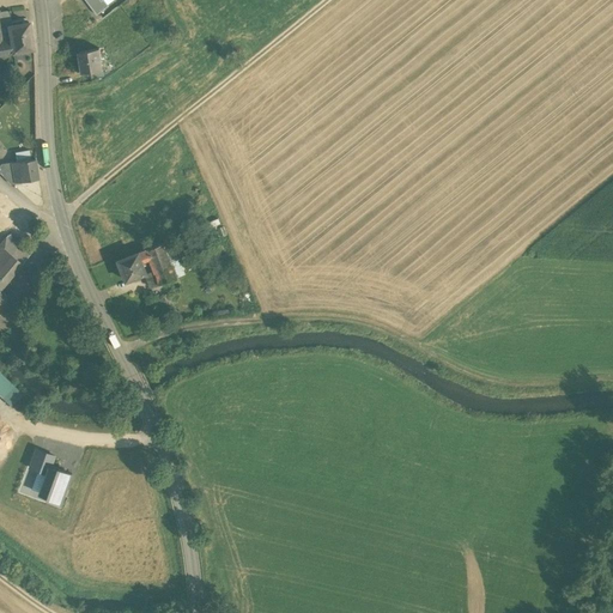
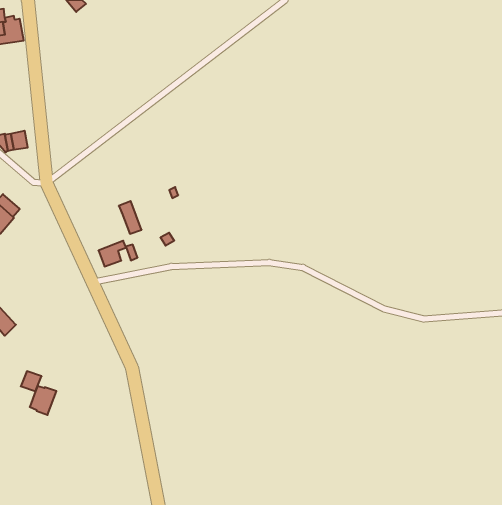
building: [73,50,98,78] -> none
building: [114,250,147,281] -> [98,241,126,266]

